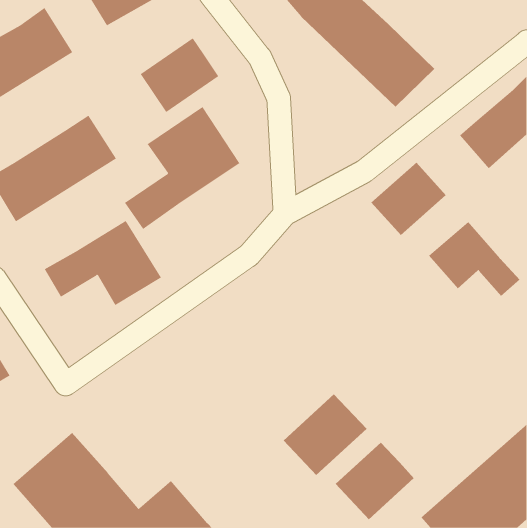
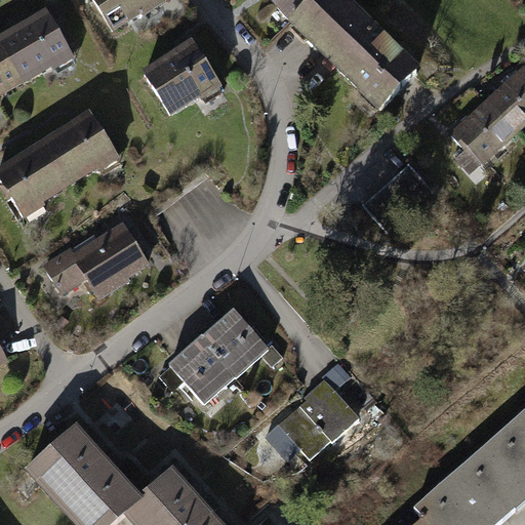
building: [124,106,240,230] -> none
building: [428,221,520,297] -> none
building: none -> [170,307,270,404]
building: [335,442,415,520] -> none

